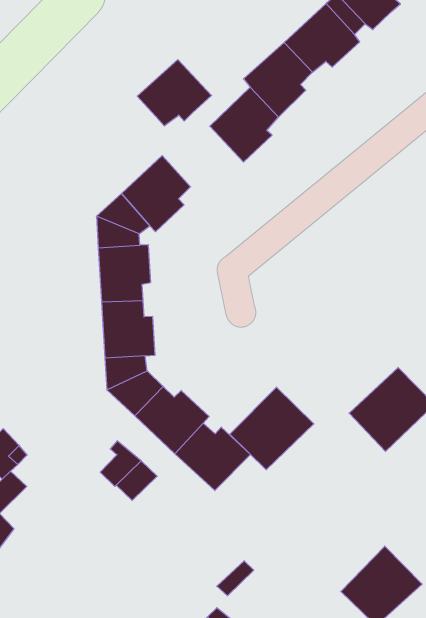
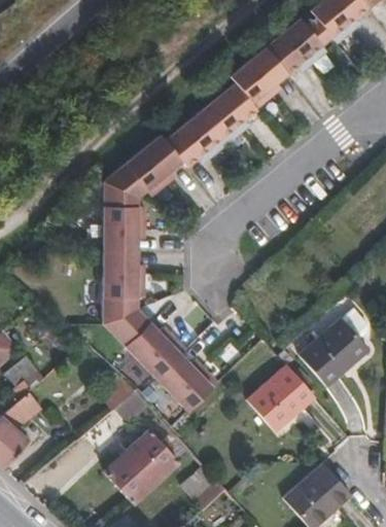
building: [137,60,212,126] -> [166,114,226,168]
building: [230,387,314,470] -> [248,365,317,432]
building: none -> [99,422,173,494]

